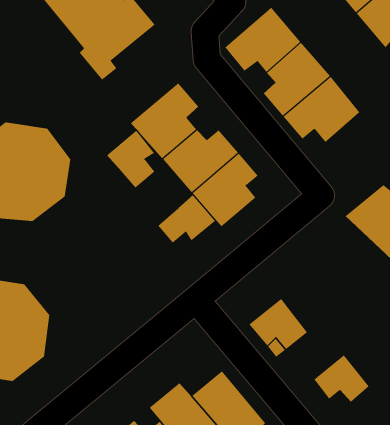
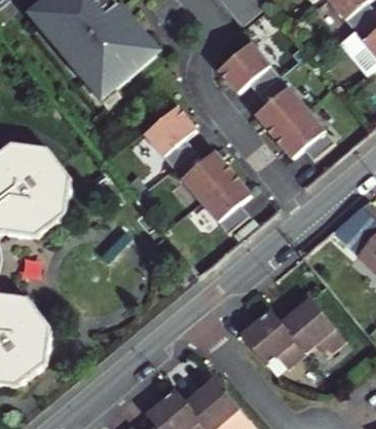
building: [106,130,155,189] -> none
building: [158,195,216,243] -> none
building: [314,354,369,403] -> [280,297,333,342]

